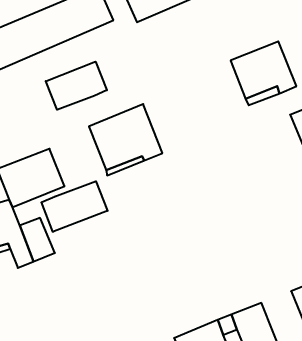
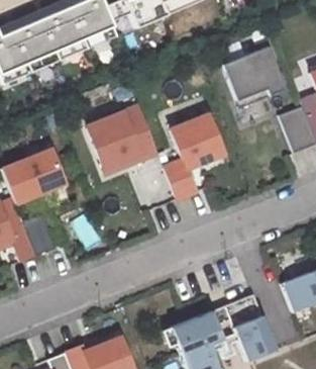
building: [46,62,107,110] -> none
building: none -> [165,114,224,199]
building: [41,181,108,232] -> none

